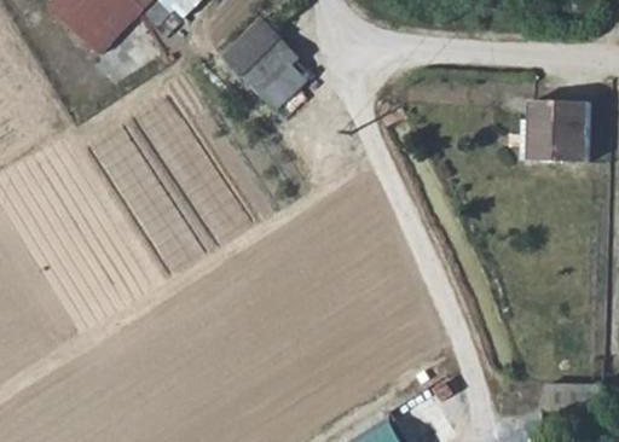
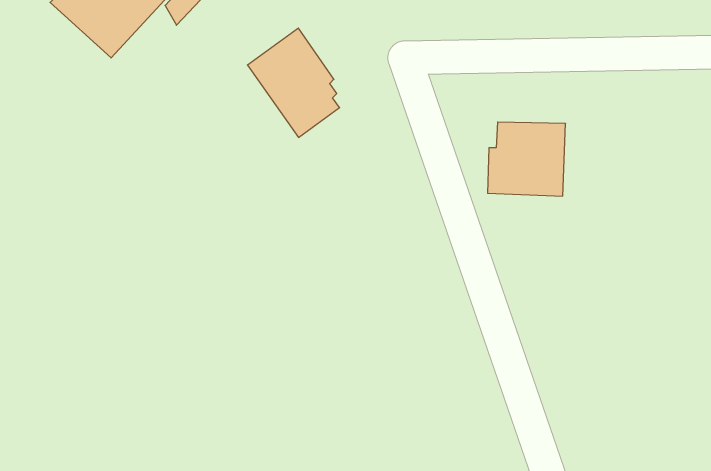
building: [527,98,594,161] -> [488,122,566,196]

